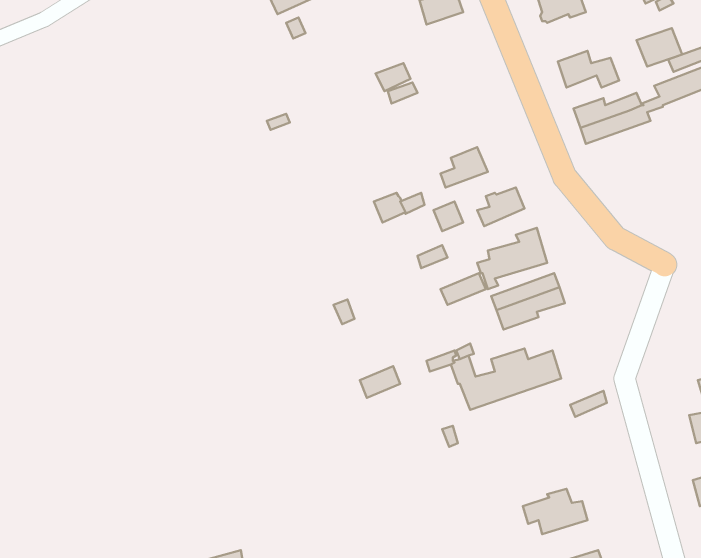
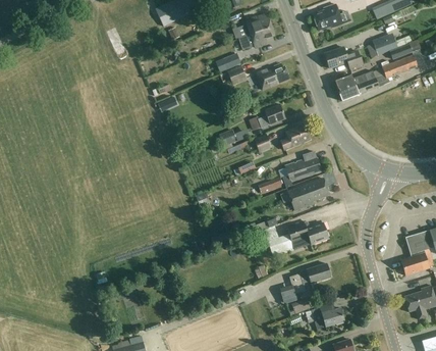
building: none -> [238,24,274,49]
building: none -> [256,63,289,88]
building: none -> [282,261,331,303]

